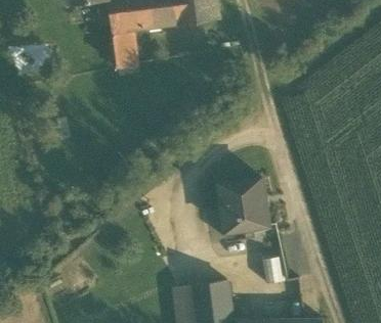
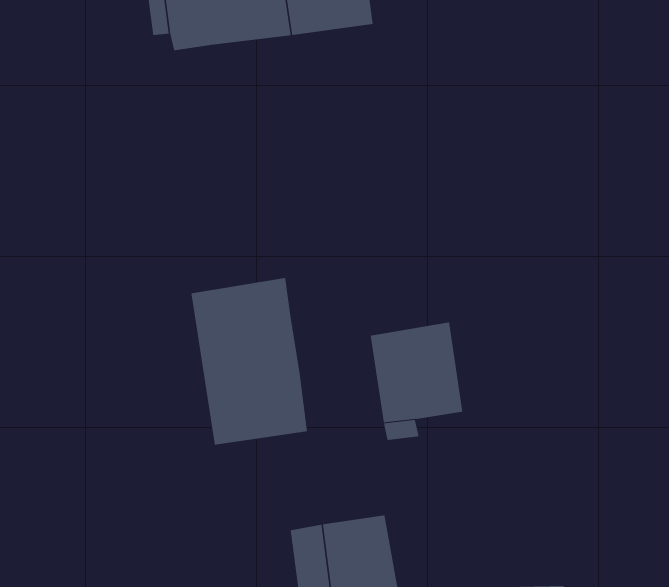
building: [112,30,136,67] -> none
building: none -> [191,277,308,446]

